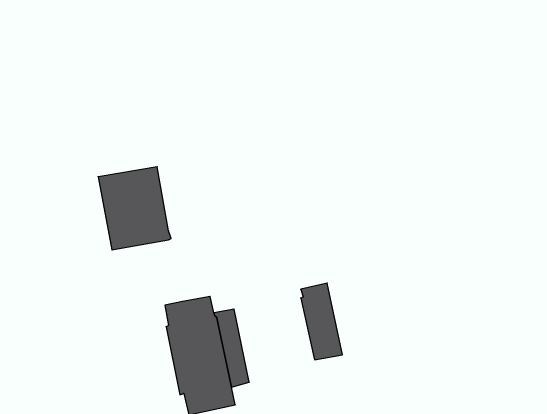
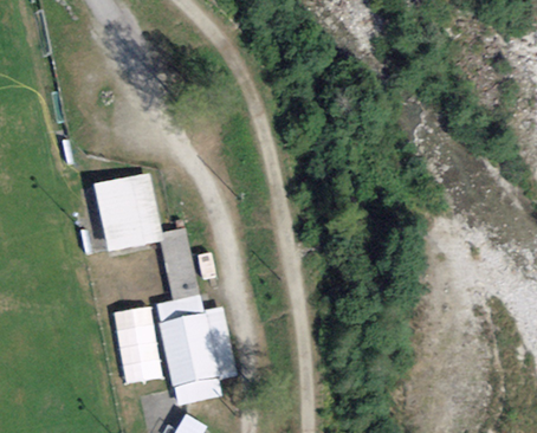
building: [301,283,342,360] -> [160,227,199,299]
building: none -> [114,305,163,383]

